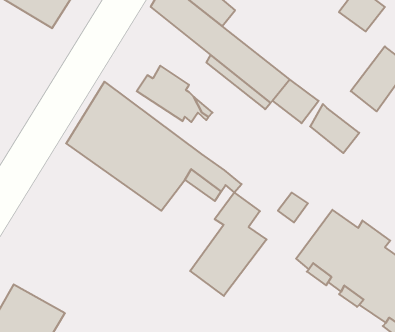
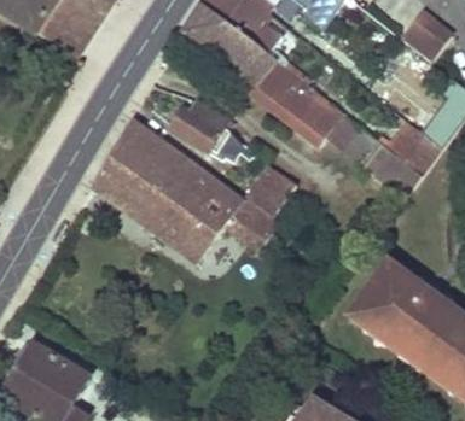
building: none -> [385,118,441,173]
building: none -> [244,165,295,215]
building: [190,193,267,296] -> none

